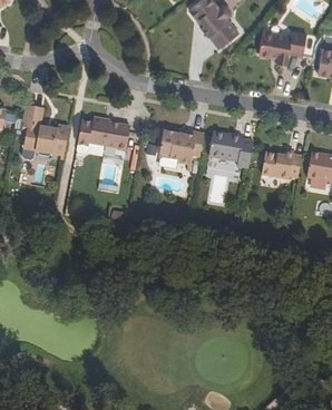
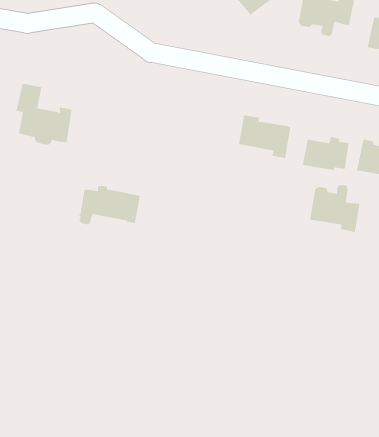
building: [77,117,129,150] -> [79,185,141,225]
building: [158,129,204,163] -> none
building: none -> [310,184,360,233]

